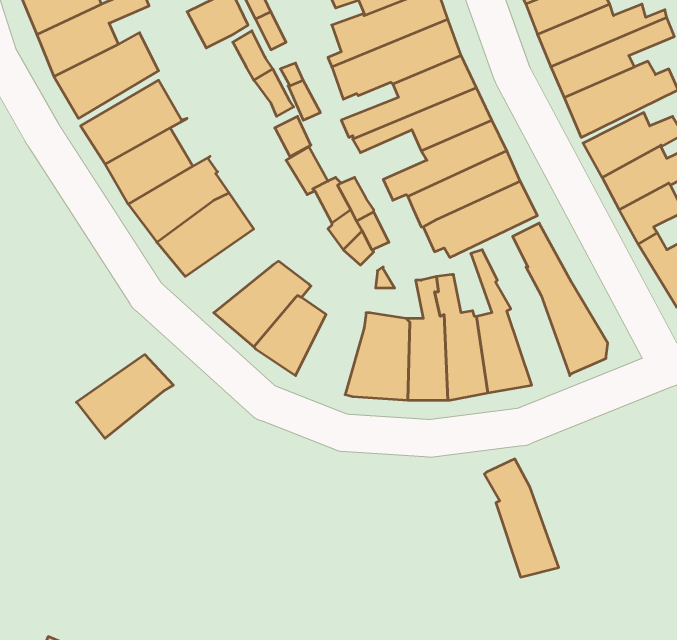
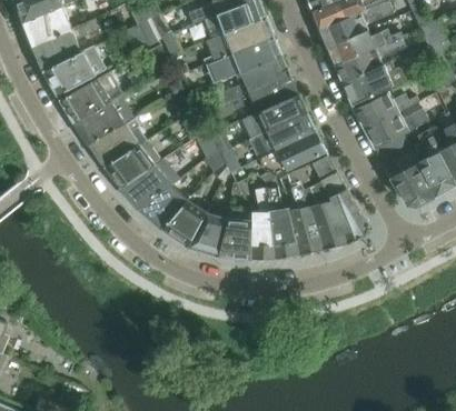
building: none -> [186,203,227,255]
building: [76,355,173,438] -> [121,159,178,208]
building: [484,459,559,577] -> [303,181,346,250]

